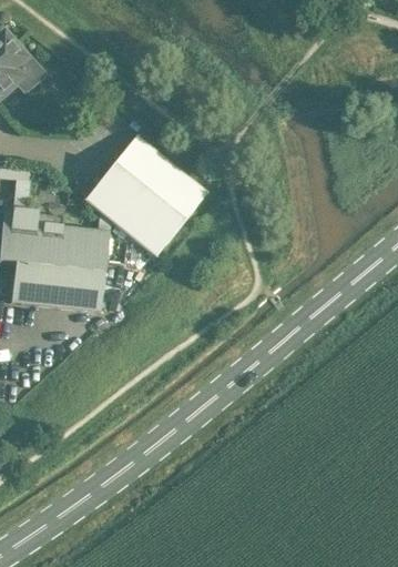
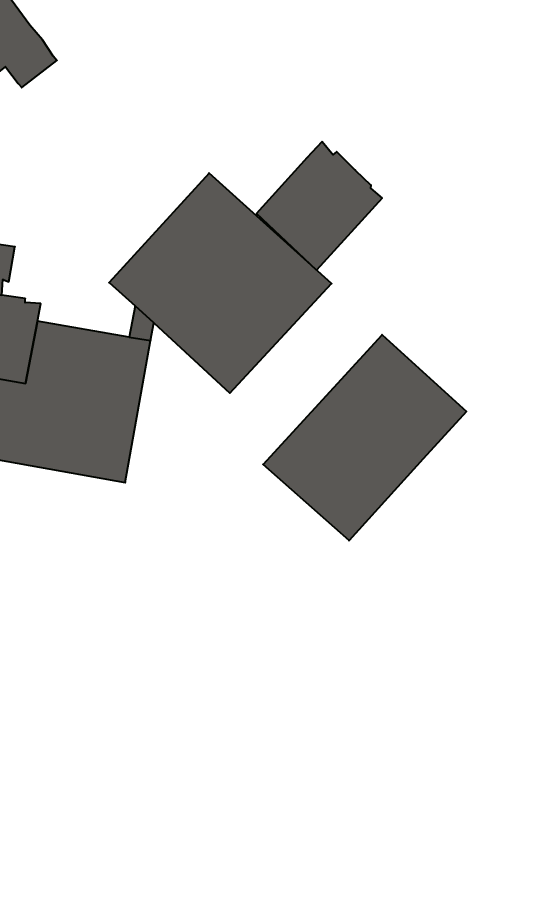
building: none -> [257,142,382,270]
building: none -> [263,335,466,541]

